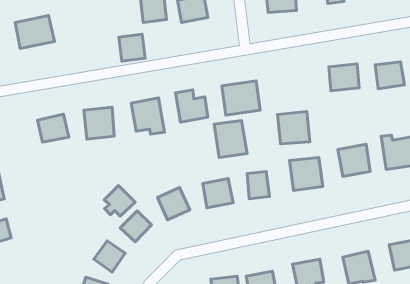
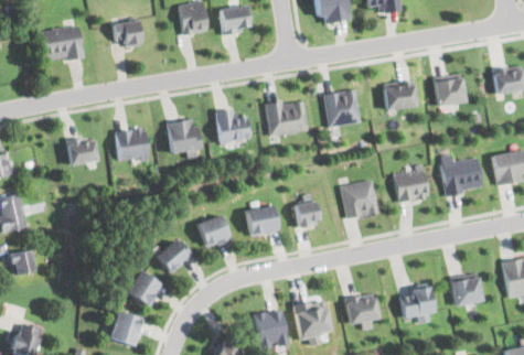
building: [119,34,145,61] -> [111,18,140,47]
building: [278,112,310,144] -> [325,90,361,126]
building: [214,120,247,157] -> none
building: [104,185,135,216] -> none

